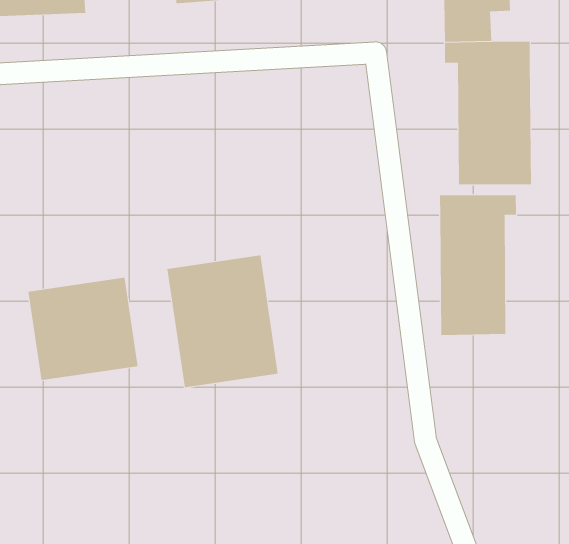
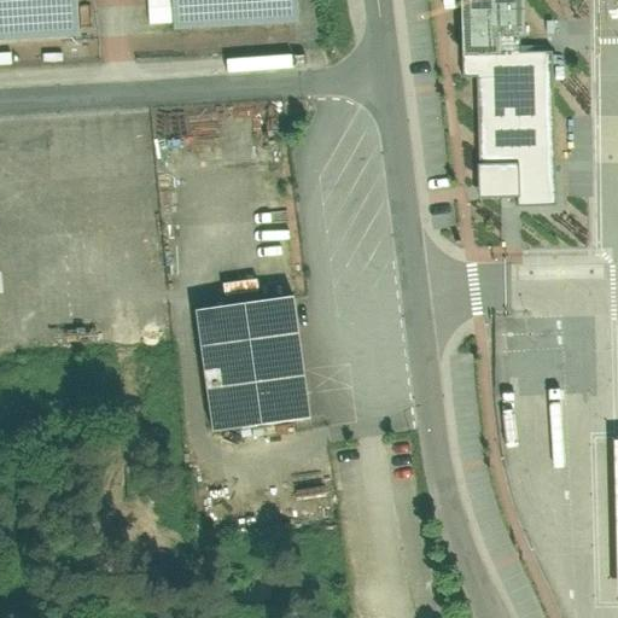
building: [440,194,517,336] -> none
building: [28,277,138,381] -> none

